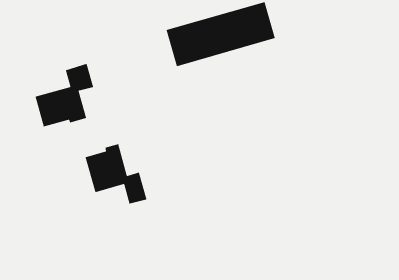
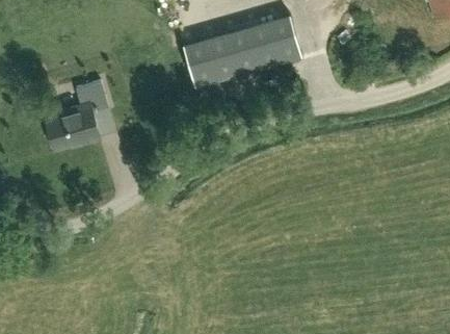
building: [85,143,147,204] -> none

